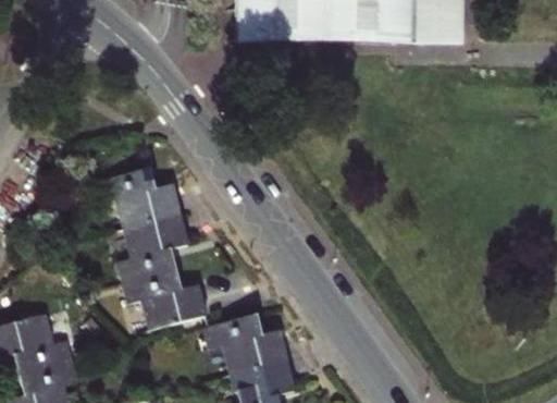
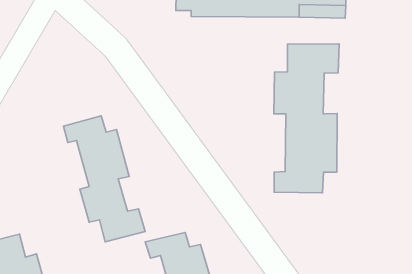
building: none -> [274,44,339,193]

